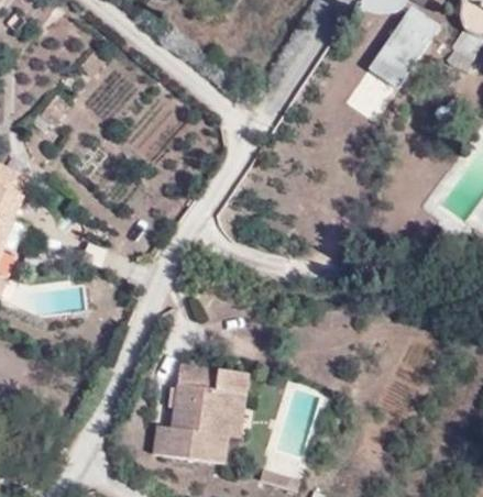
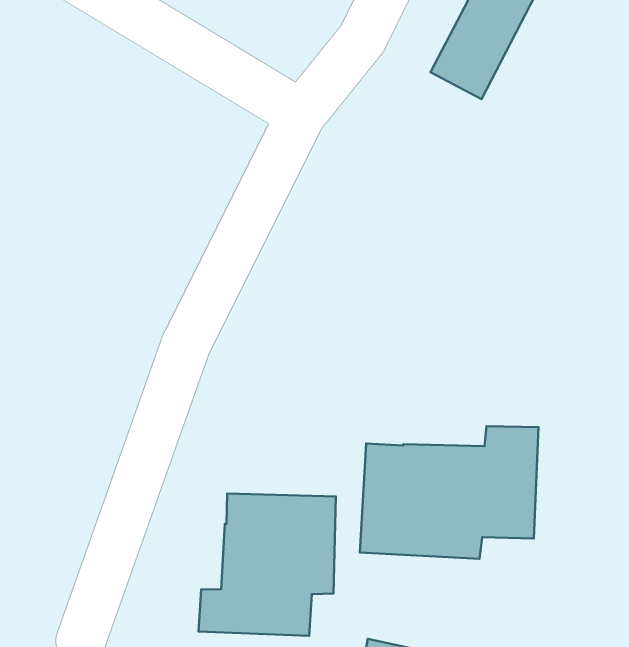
building: none -> [360,426,538,559]

